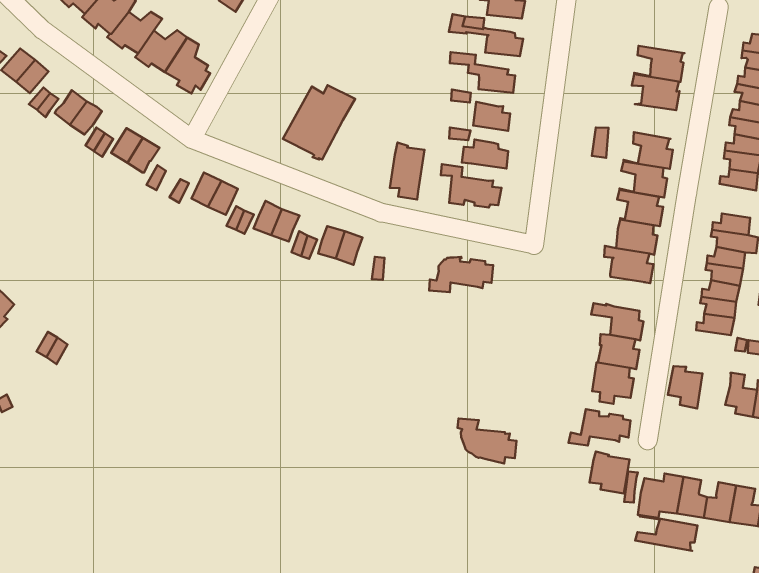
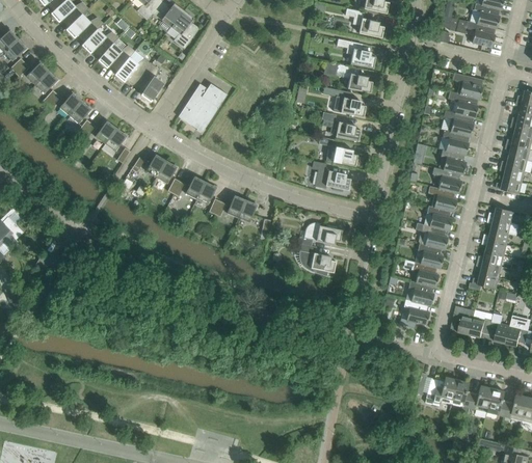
building: none -> [449,73,484,100]
building: [283,85,355,160] -> [178,84,228,133]
building: none -> [442,131,471,156]
building: [390,143,425,199] -> none
building: none -> [418,244,444,269]
building: none -> [470,310,493,337]
building: [569,409,630,445] -> none
building: [457,418,517,464] -> [297,244,336,276]
building: [589,452,630,494] -> none
building: [635,515,697,551] -> none

